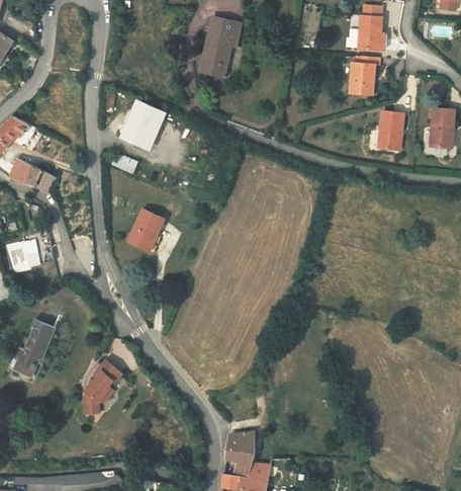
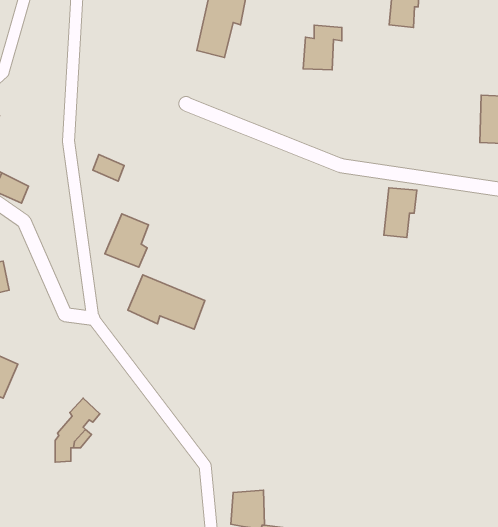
building: [348,55,380,92] -> [303,25,342,70]
building: [121,106,161,151] -> none
building: [384,112,411,154] -> [384,188,417,237]
building: none -> [128,275,205,329]

